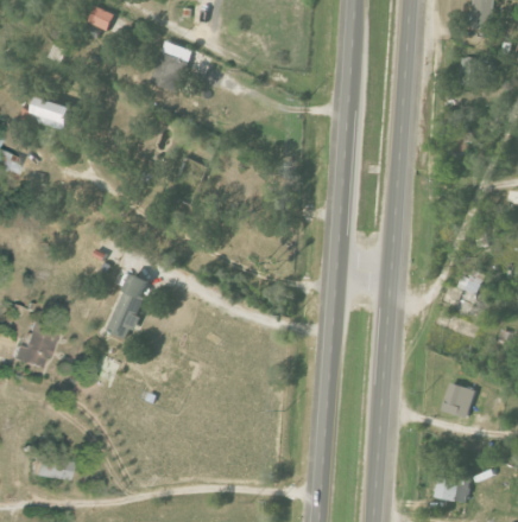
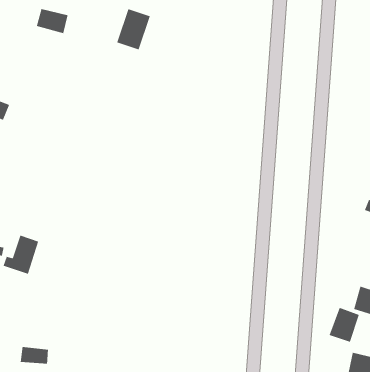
building: [31,98,71,130] -> [36,8,69,34]
building: [107,274,151,339] -> none
building: none -> [328,307,360,343]

